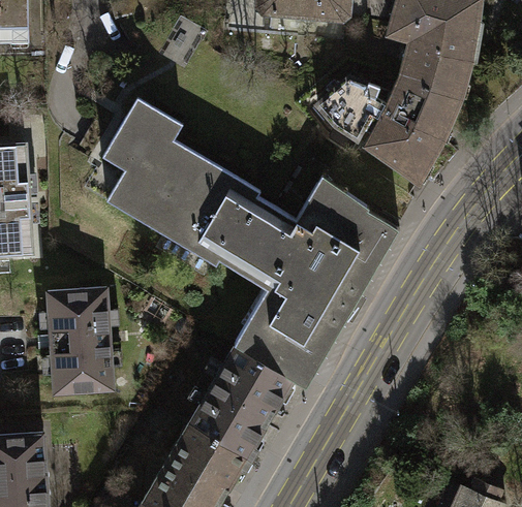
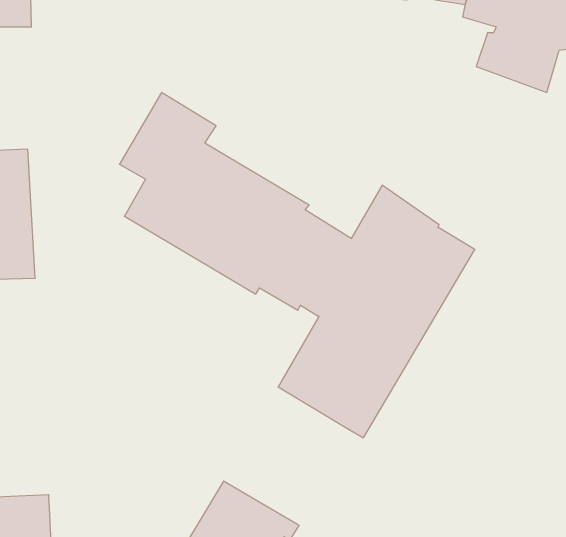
building: [316,76,459,183] -> none
building: [47,288,113,393] -> none
building: [189,344,294,460] -> none

